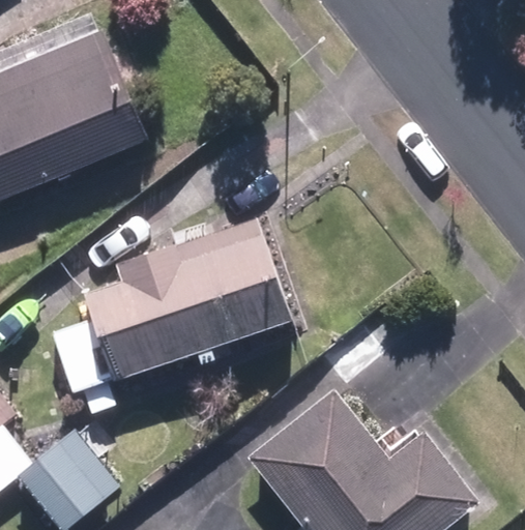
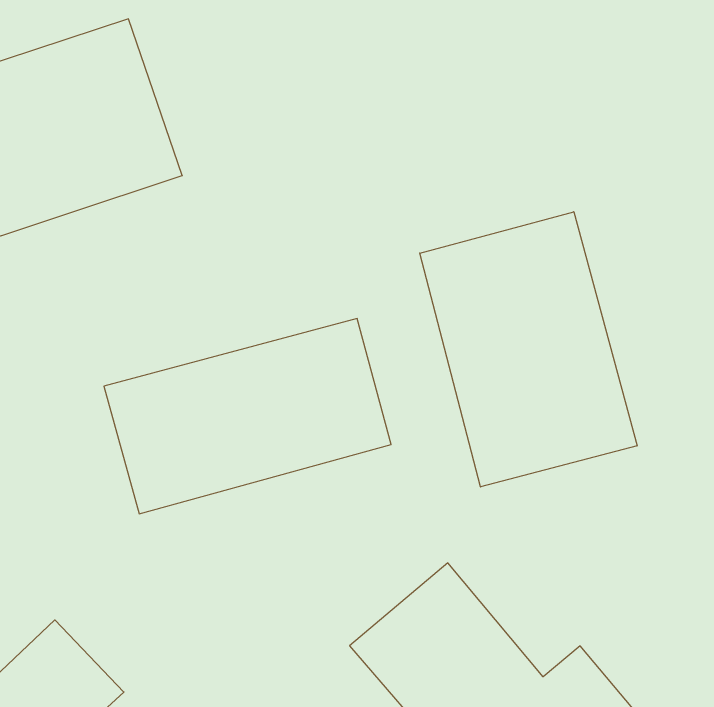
building: none -> [420,212,637,487]

